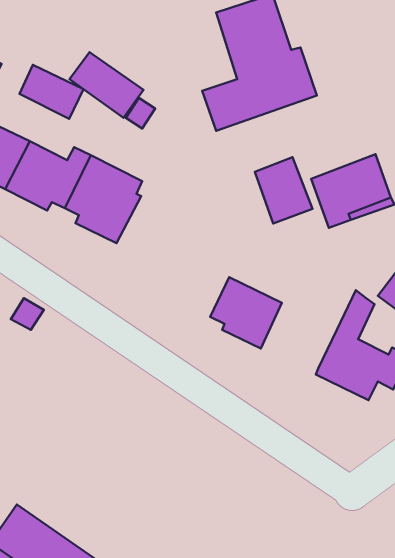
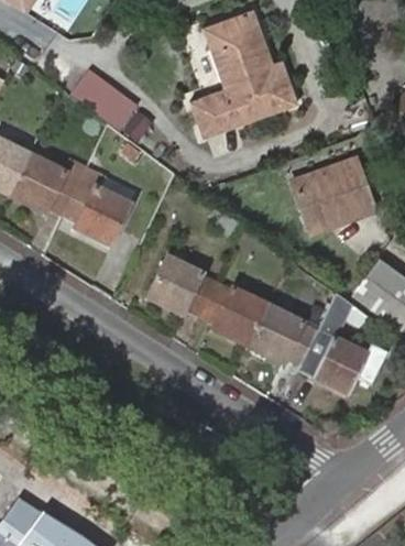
building: [19,65,84,119] -> none
building: [255,157,312,224] -> none
building: none -> [145,254,217,316]
building: none -> [247,303,318,364]

